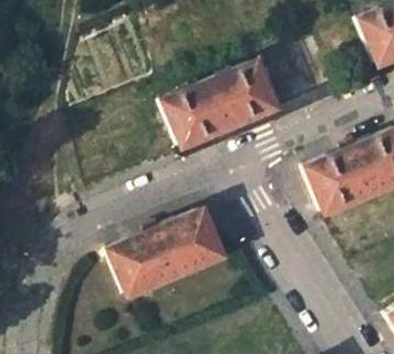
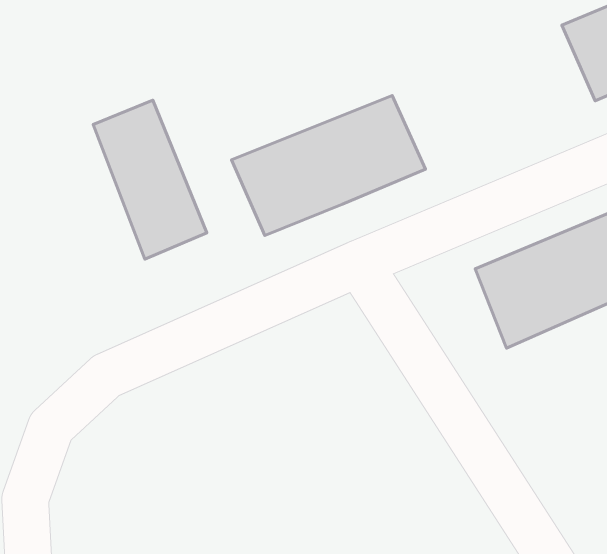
building: none -> [93,100,207,259]
building: [110,210,224,295] -> none

